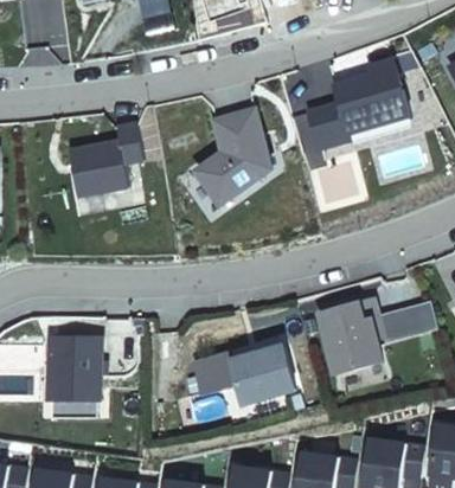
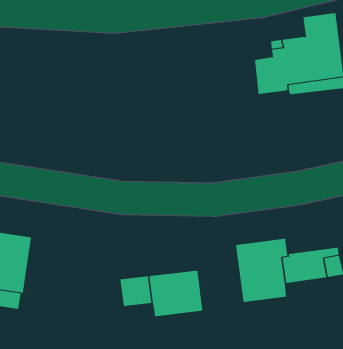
building: [196,110,270,205] -> none
building: [70,123,143,197] -> none

